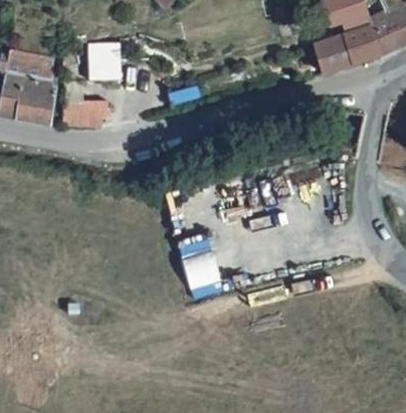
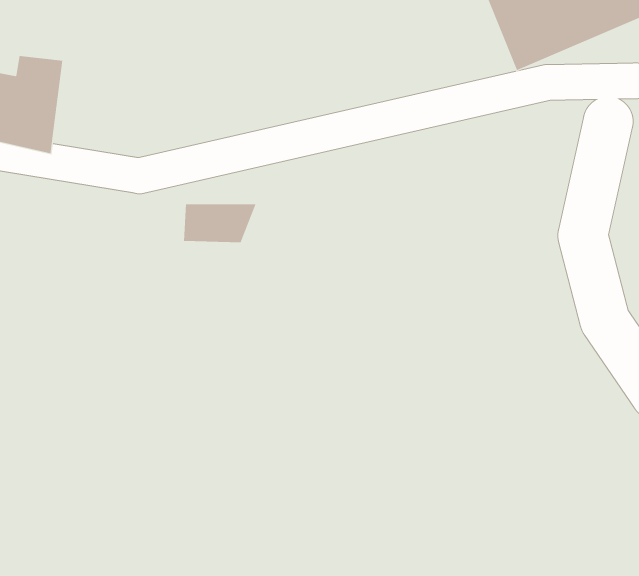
building: [89,42,120,78] -> none
building: [62,104,106,127] -> [183,204,256,243]

